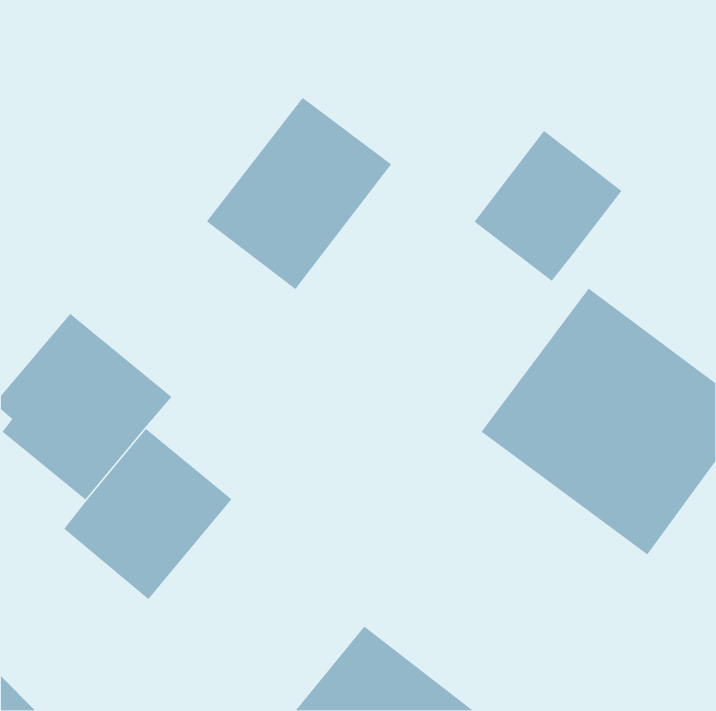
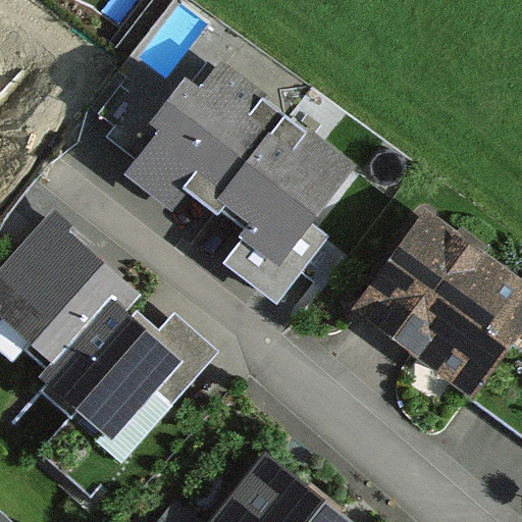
building: [473,130,622,282] -> none
building: none -> [215,119,350,261]

